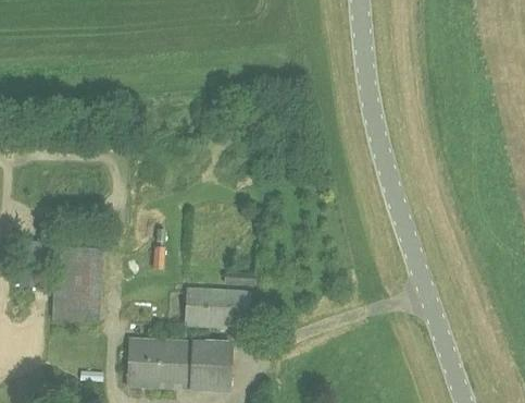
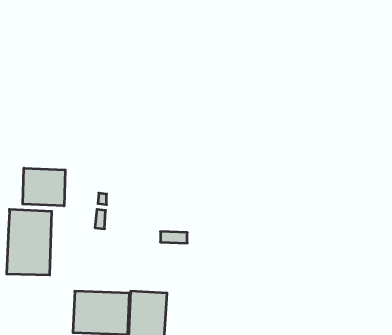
building: none -> [23,168,65,206]
building: [184,288,250,329] -> none

